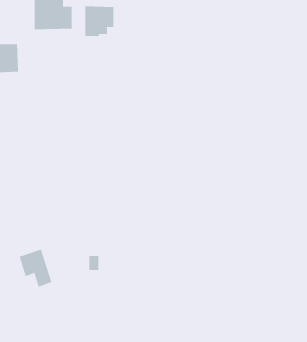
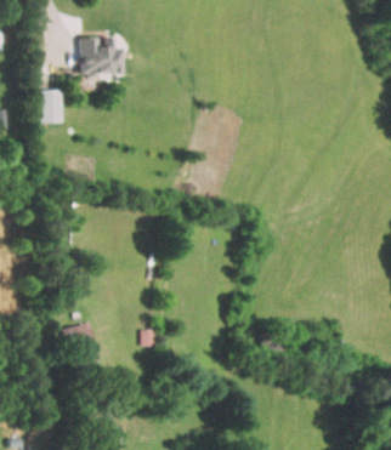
building: [85,6,114,37] -> none

